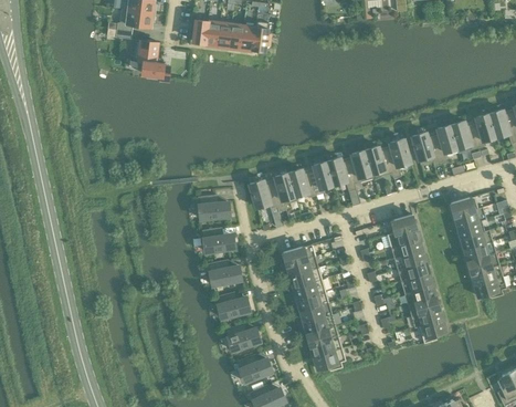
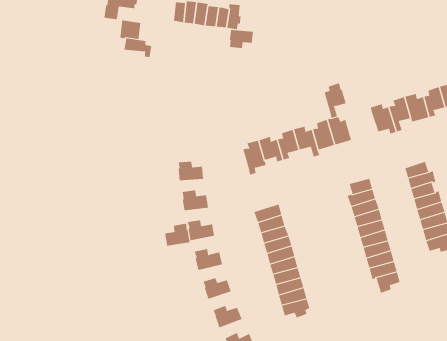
building: none -> [229,29,254,49]
building: [386,139,411,179] -> [324,83,347,118]
building: [250,180,277,209] -> none
building: none -> [165,223,190,247]

